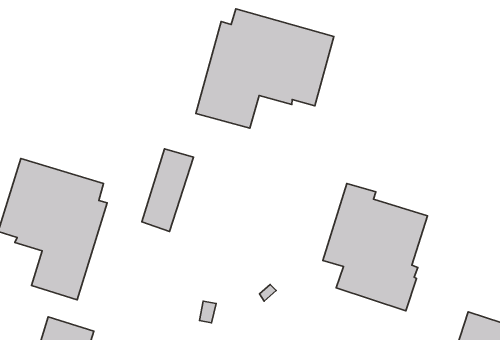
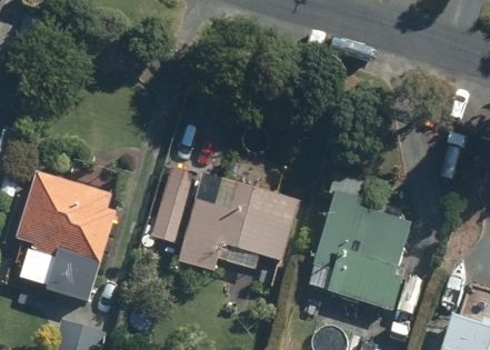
building: [196,9,334,128] -> none
building: none -> [181,180,299,267]

